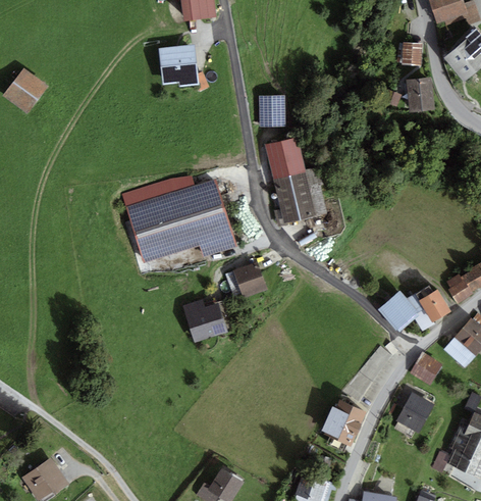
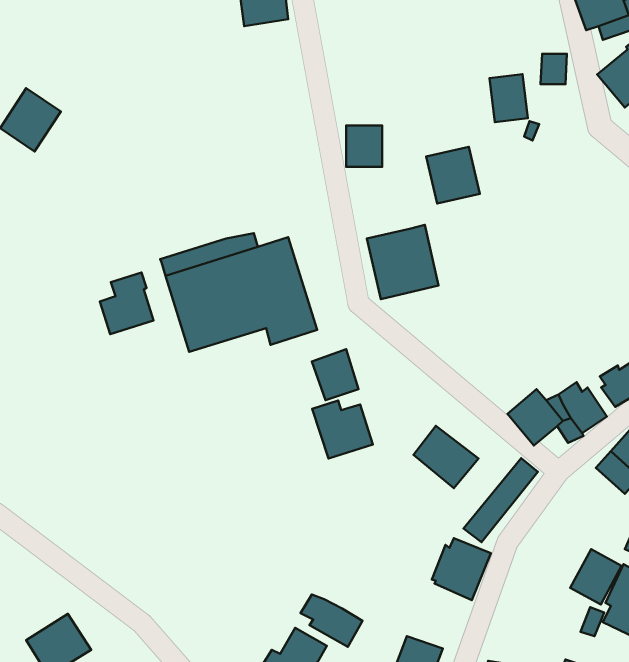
building: [159,44,199,87] -> none
building: [407,77,435,112] -> [489,74,528,122]
building: [266,137,306,179] -> [426,147,480,203]
building: none -> [100,272,154,334]
building: [182,299,227,342] -> [312,400,373,458]
building: none -> [413,426,478,488]
building: [410,352,442,385] -> none
building: [396,392,434,433] -> [570,549,621,604]
building: none -> [301,594,363,647]

